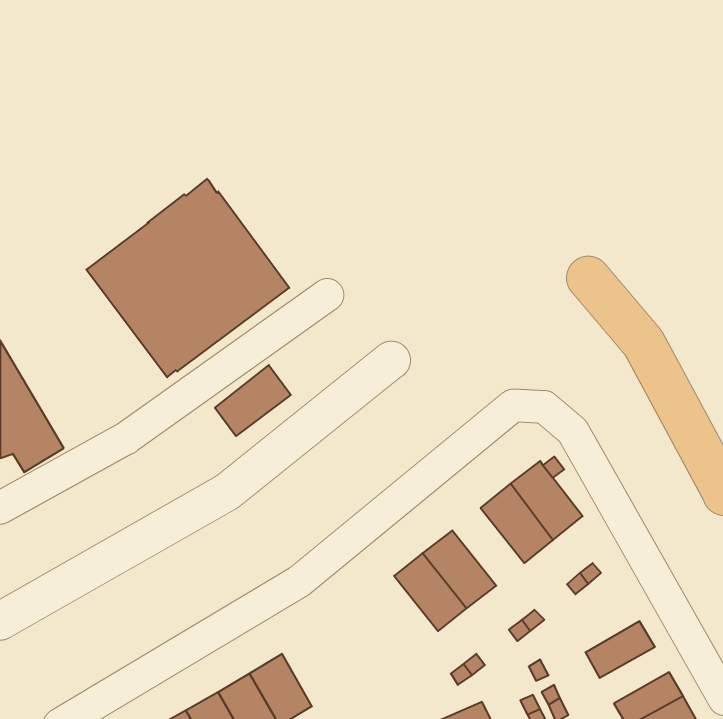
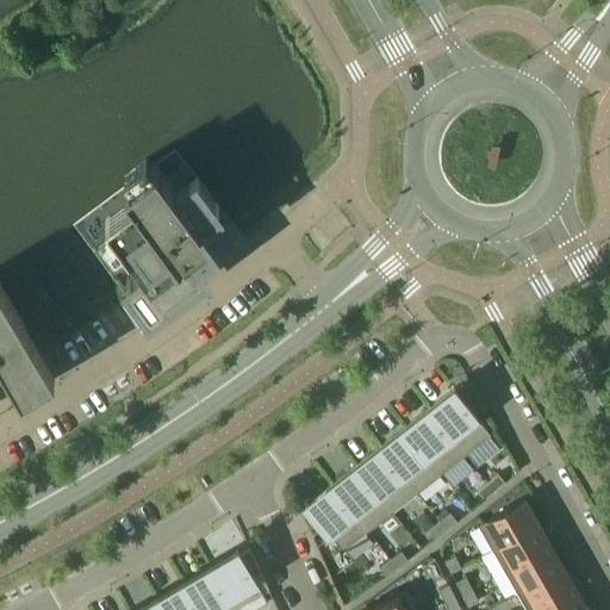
building: [215,365,291,436] -> none
building: none -> [381,431,442,497]
building: none -> [307,488,369,554]
building: none -> [479,503,539,553]
building: none -> [505,548,564,596]

